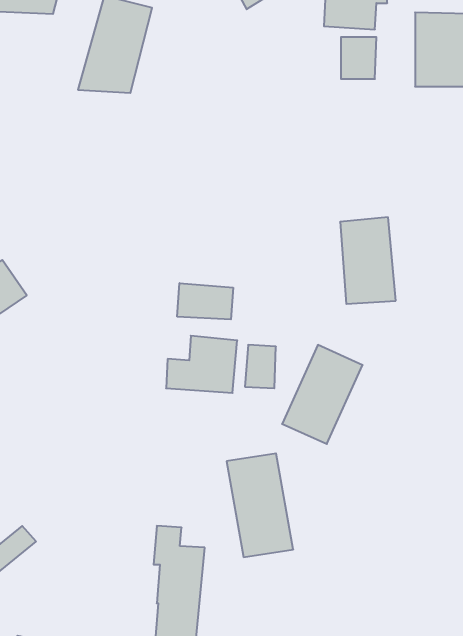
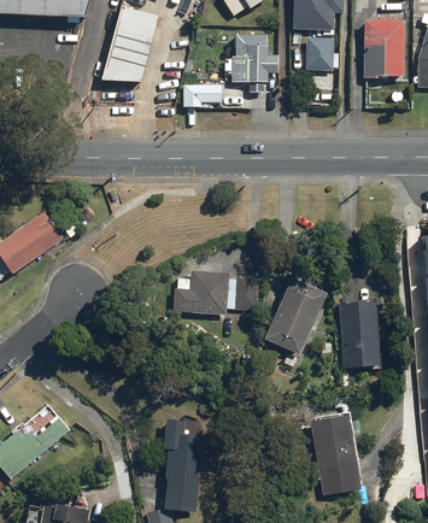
building: none -> [225,33,280,92]
building: none -> [184,83,222,106]
building: [340,217,396,304] -> [336,300,380,368]
building: [177,283,233,319] -> none
building: [227,453,293,557] -> [307,415,359,495]

